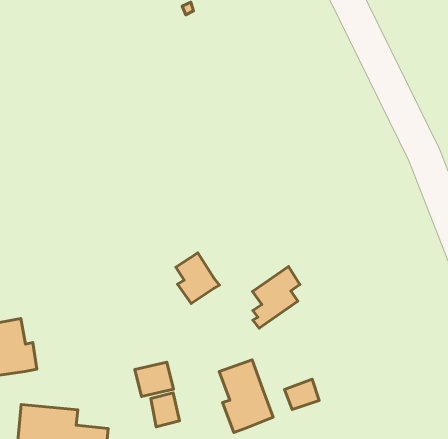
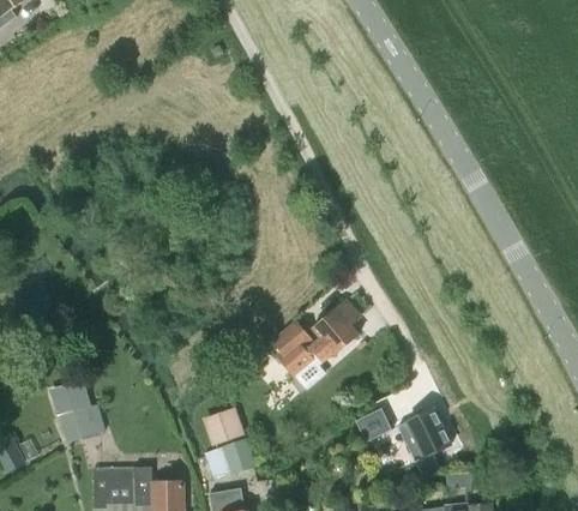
building: [176,253,219,304] -> [275,323,320,374]
building: [219,360,273,432] -> none
building: none -> [397,408,451,461]

